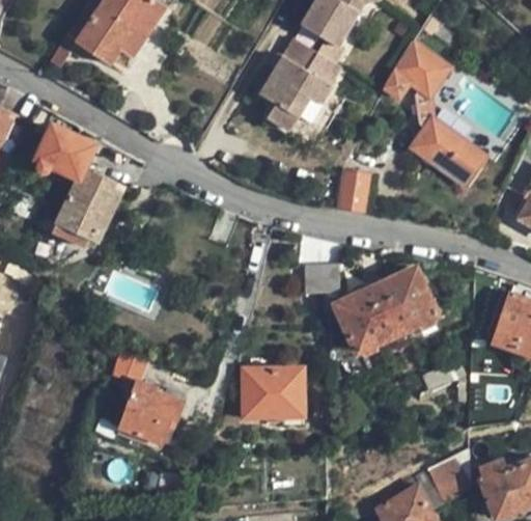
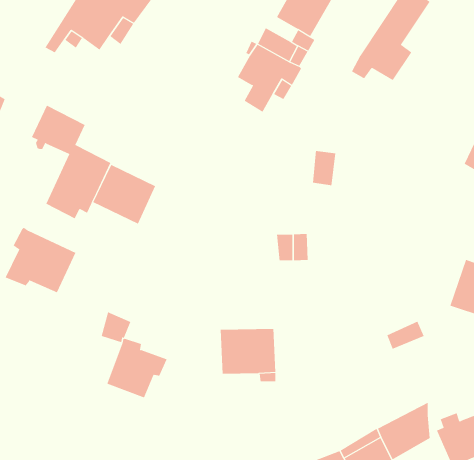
building: [406,112,490,191] -> none
building: none -> [93,164,156,225]
building: none -> [5,227,76,293]
building: [335,267,438,352] -> none

